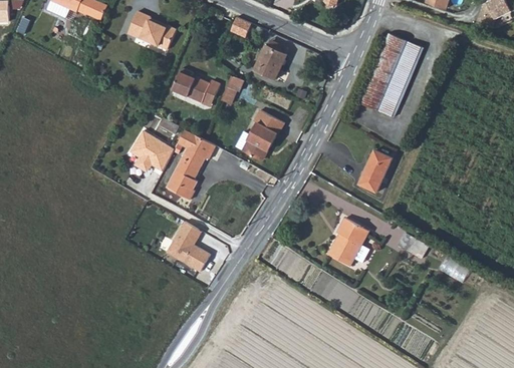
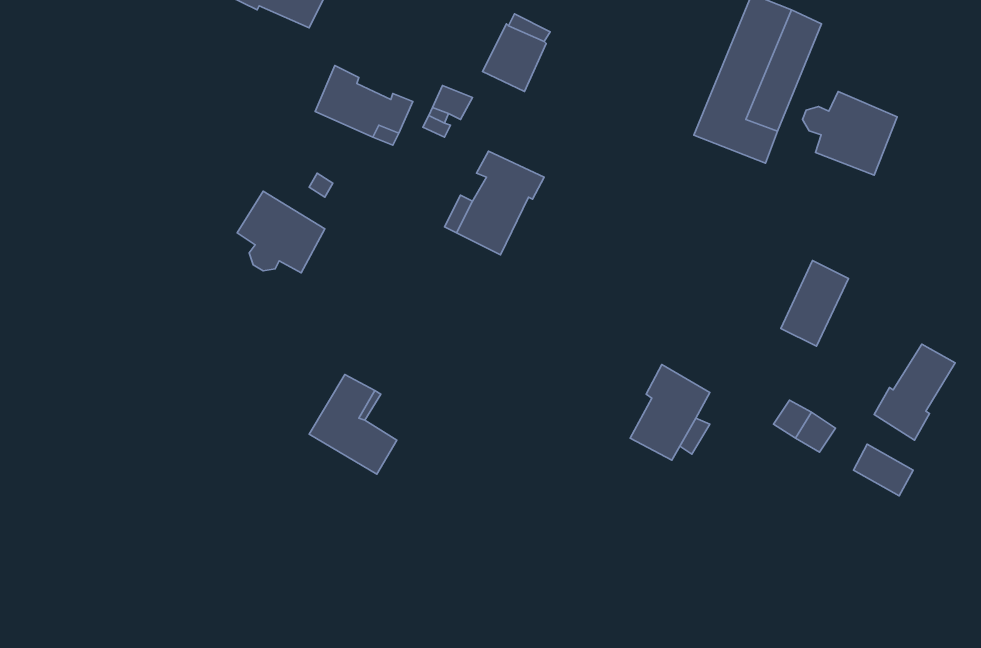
building: none -> [802,92,897,175]
building: [167,129,215,201] -> none
building: [356,151,391,195] -> [781,261,848,346]
building: none -> [874,344,955,440]

